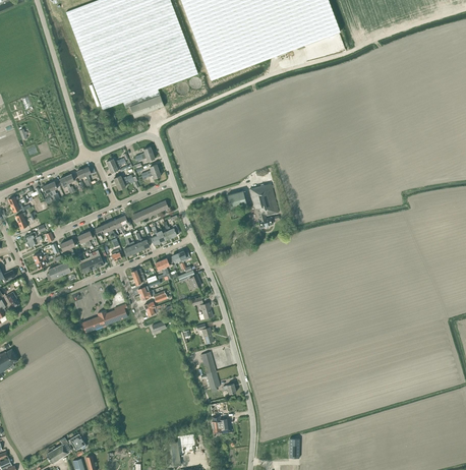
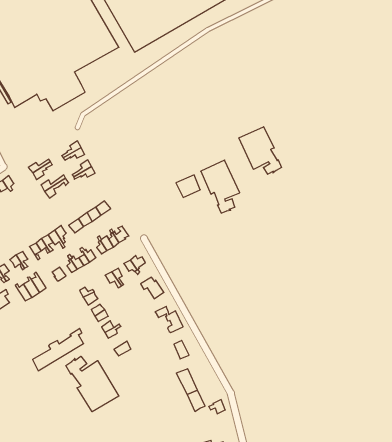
building: none -> [239,127,282,174]
building: none -> [66,356,119,412]

